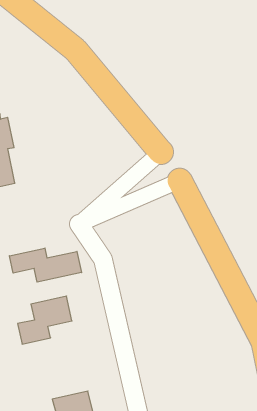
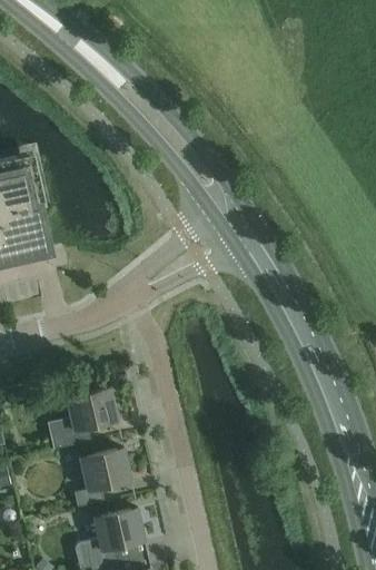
building: [9,248,82,282] -> none
building: none -> [73,449,130,508]

